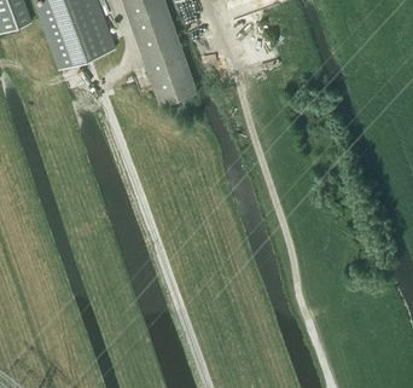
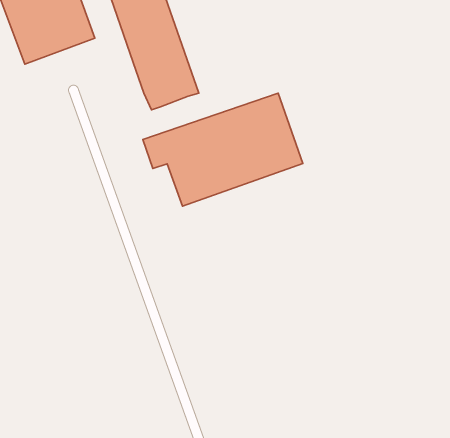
building: none -> [143,93,303,206]

